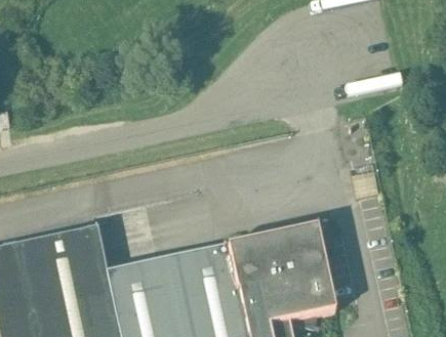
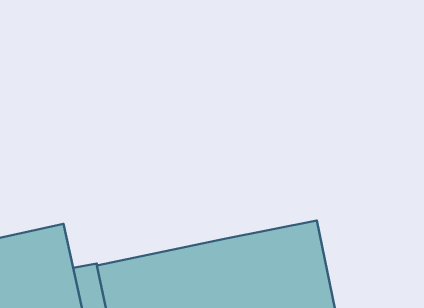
building: [74,223,106,269] -> none

